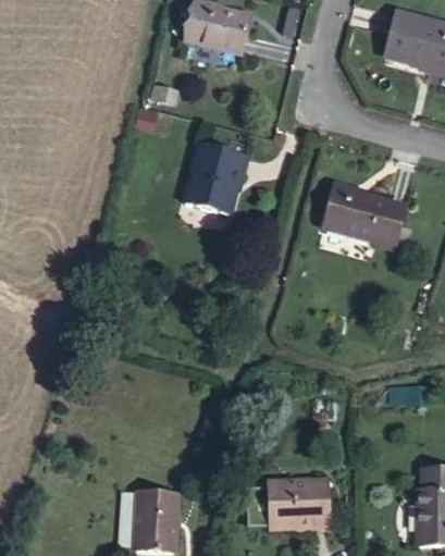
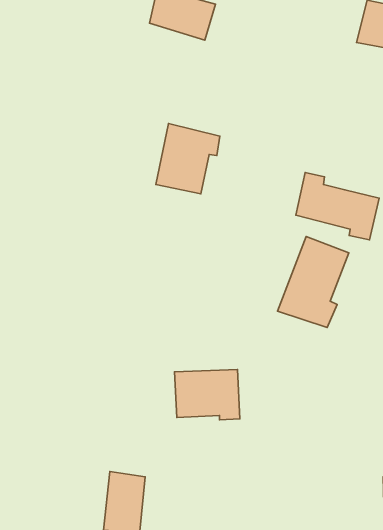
building: none -> [278,237,349,328]
building: [267,485,333,536] -> [175,370,240,420]

